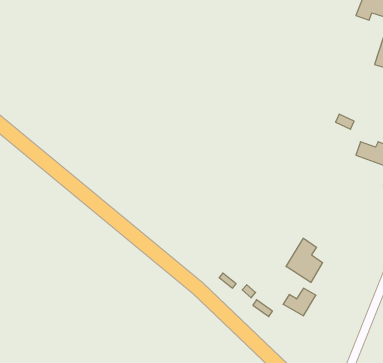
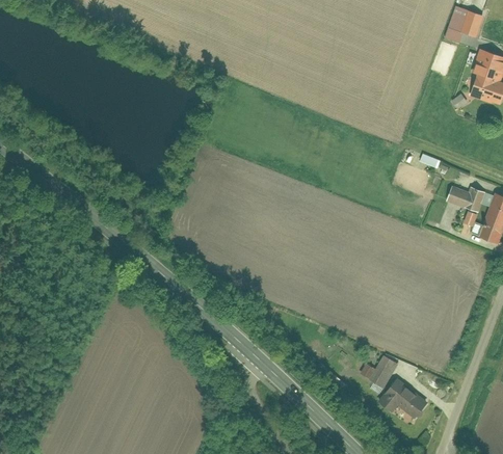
building: [286,238,323,282] -> none
building: none -> [378,380,426,420]

